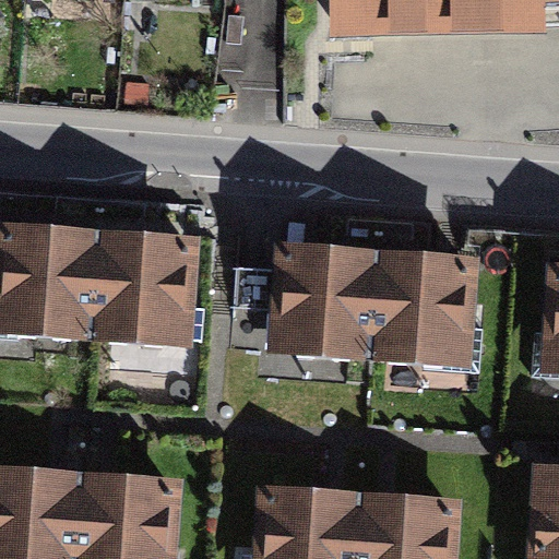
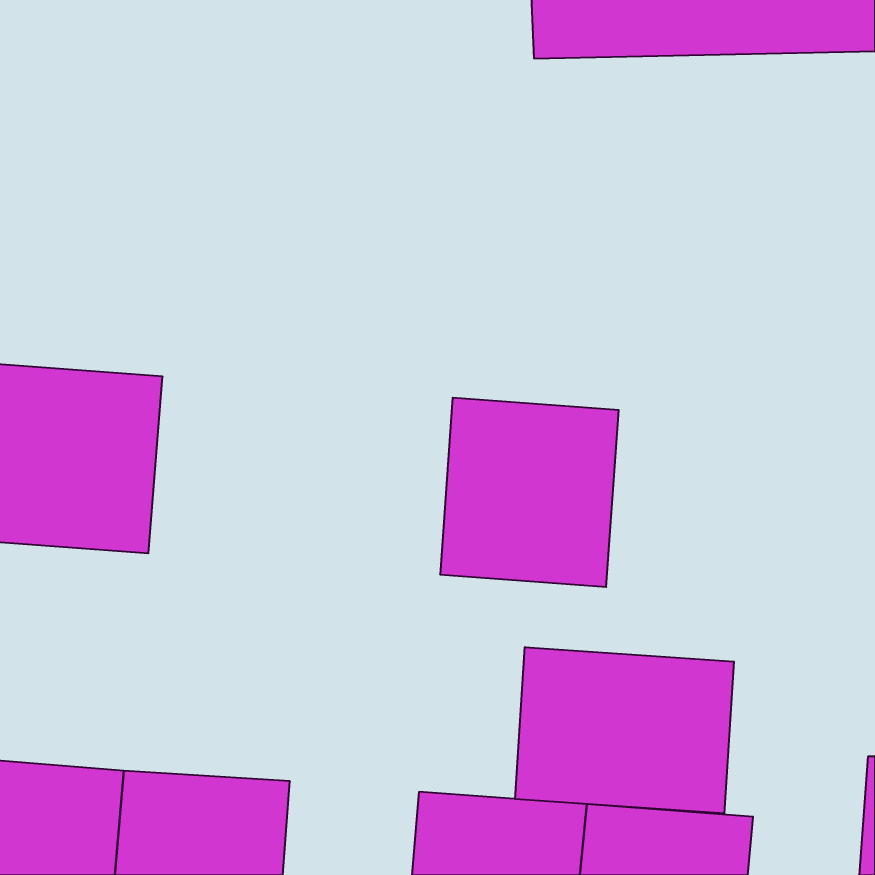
building: [92,233,203,349] -> none
building: [374,253,485,370] -> none
building: none -> [515,647,734,814]

